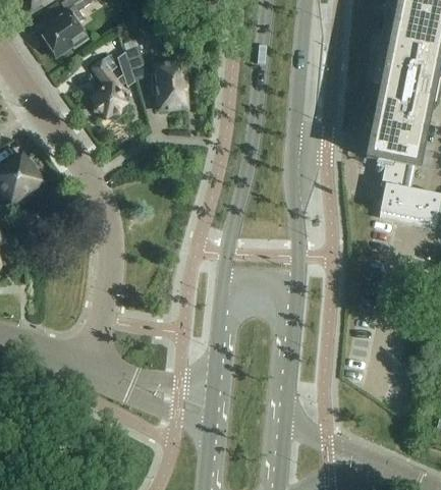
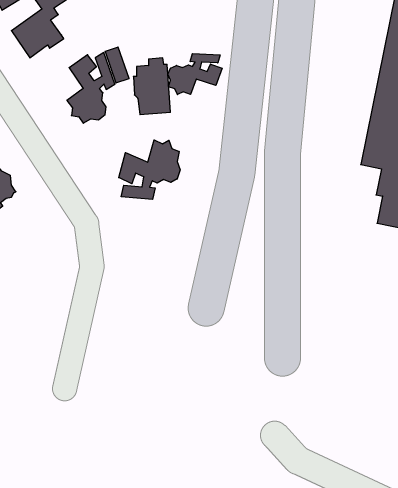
building: none -> [168,54,222,95]
building: none -> [119,140,180,199]

